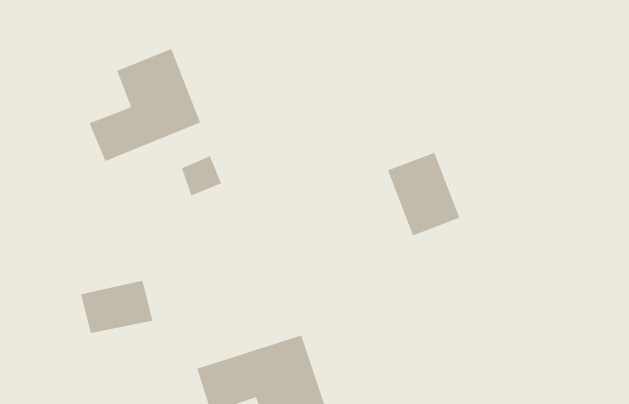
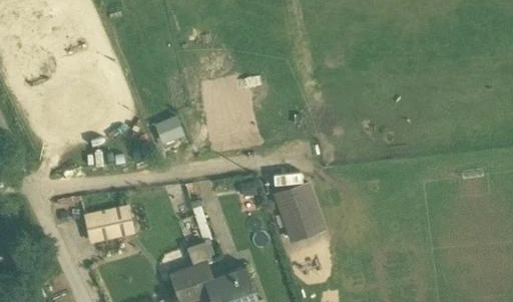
building: [89,48,201,162] -> none
building: [387,152,460,236] -> [274,182,326,242]

